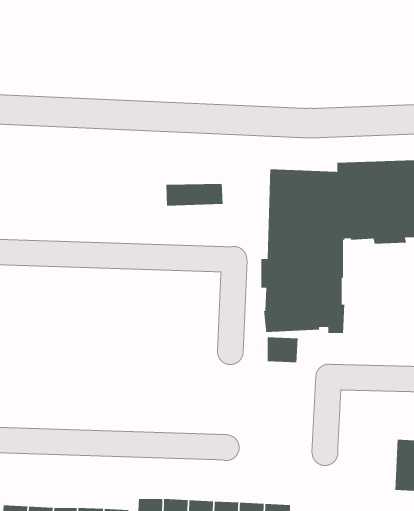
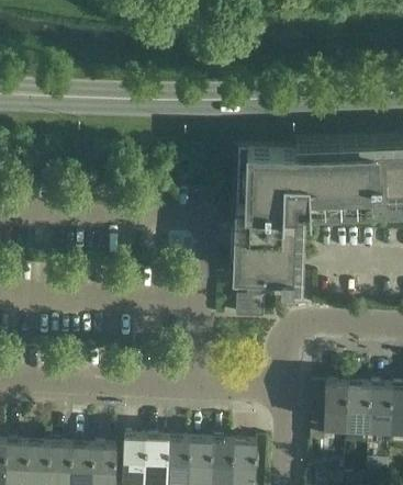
building: [165,183,223,206] -> none
building: none -> [323,384,348,430]

